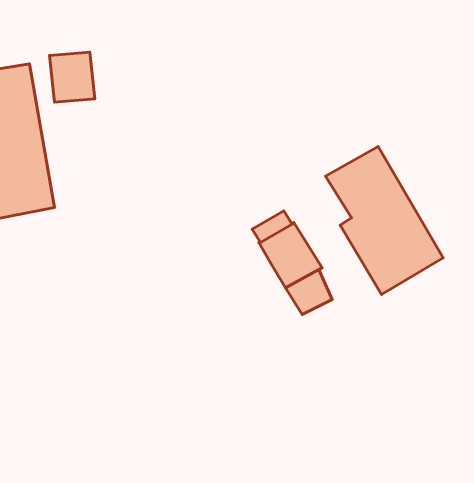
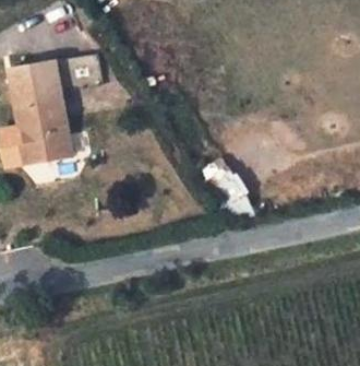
building: [326,147,443,294] -> none

